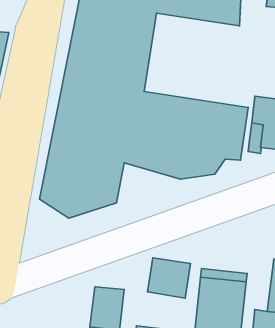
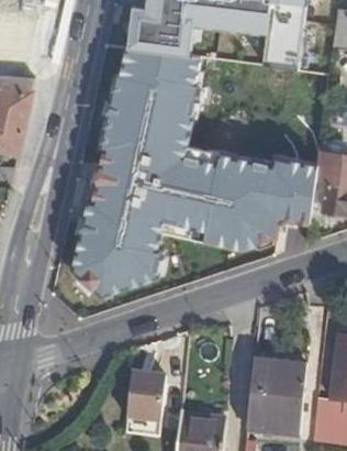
building: [147,258,191,298] -> none

